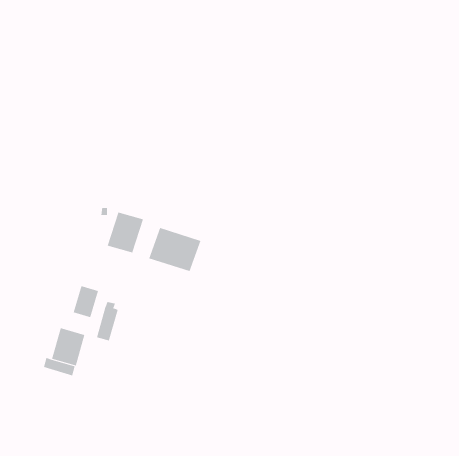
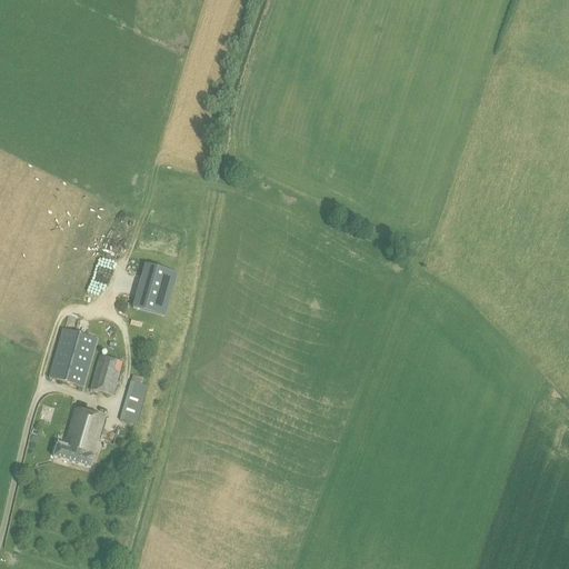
building: [149,227,201,272] -> none
building: none -> [48,327,98,385]

